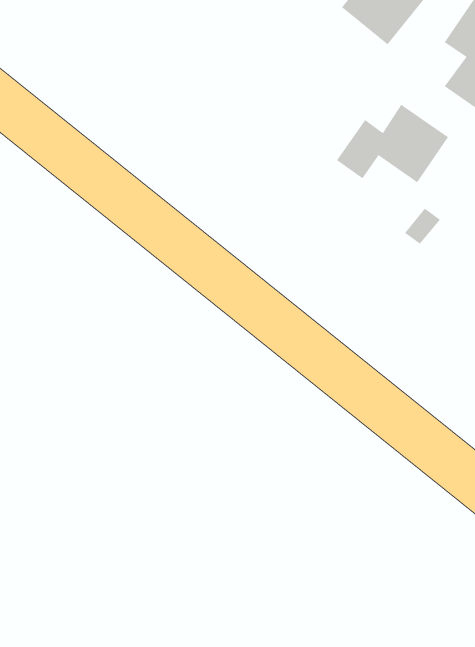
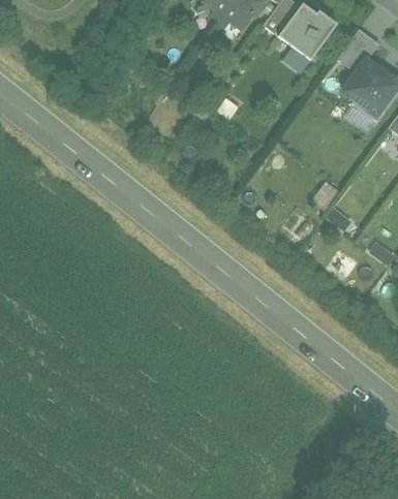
building: [336,104,449,183] -> none

